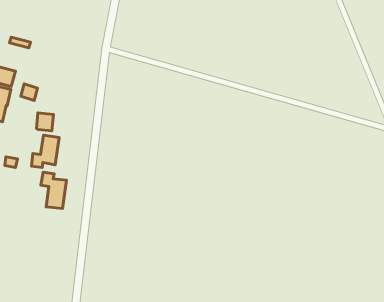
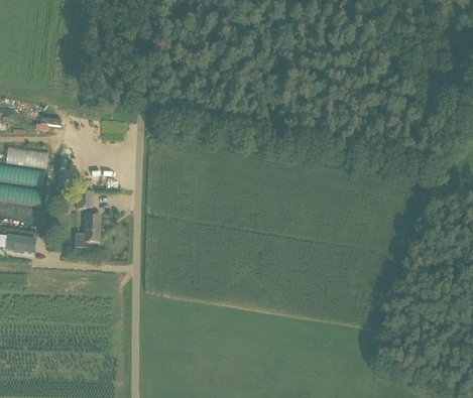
building: [41,172,66,209] -> none

